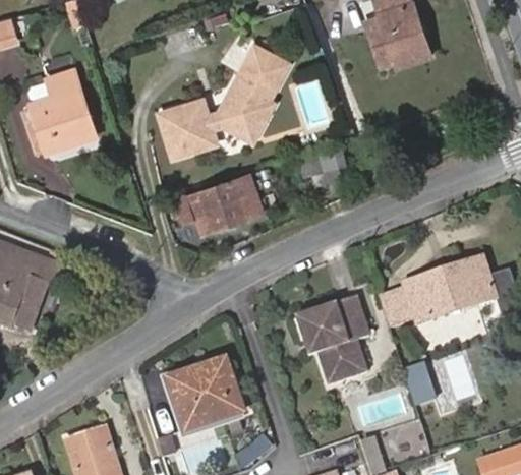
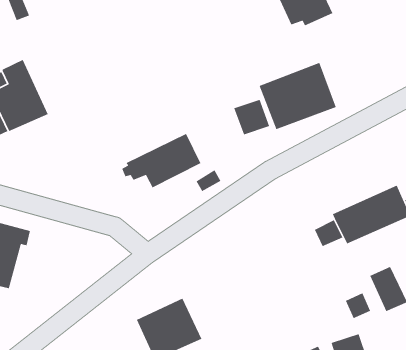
building: [160,43,288,156] -> none
building: none -> [259,62,337,130]
building: [298,297,372,385] -> none

